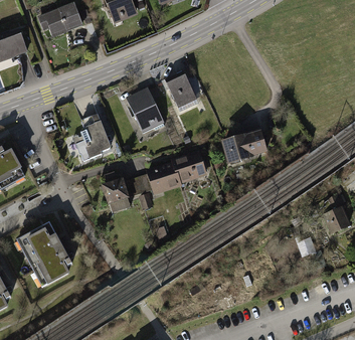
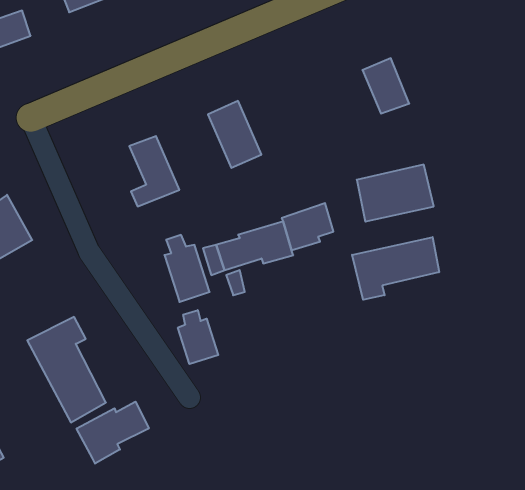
building: [168,72,196,106] -> [362,58,409,114]
building: none -> [352,237,439,300]
building: none -> [178,310,218,364]
building: none -> [77,402,149,464]

